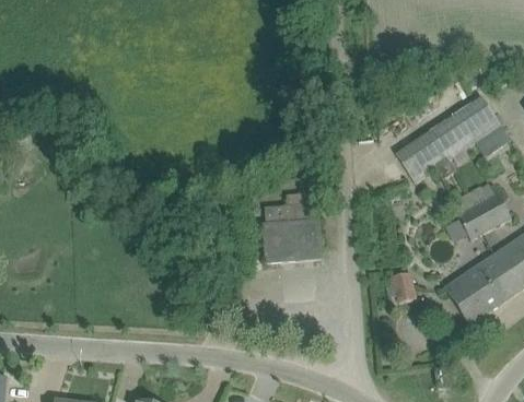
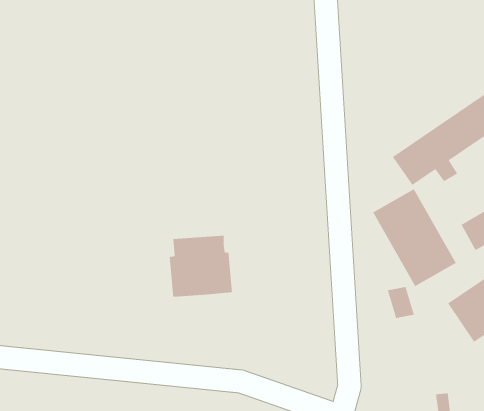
building: none -> [372,188,457,287]
building: [263,204,321,261] -> [169,235,233,298]

